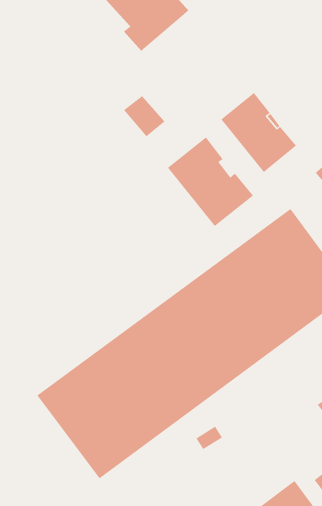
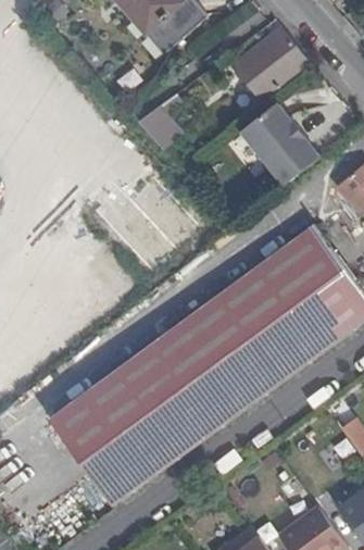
building: none -> [233,28,307,101]
building: [167,137,254,227] -> none

